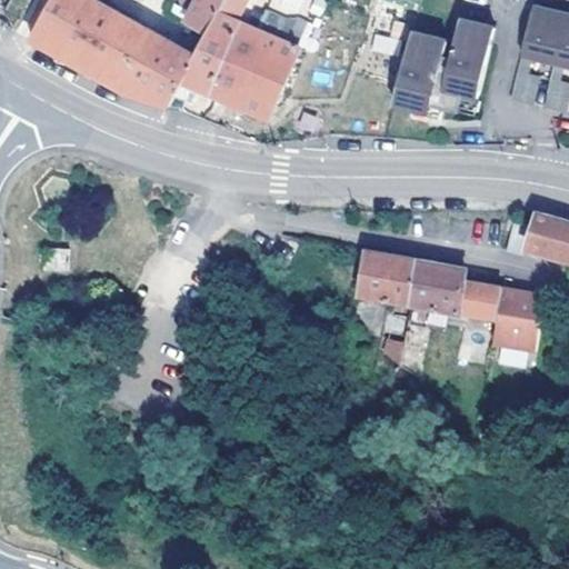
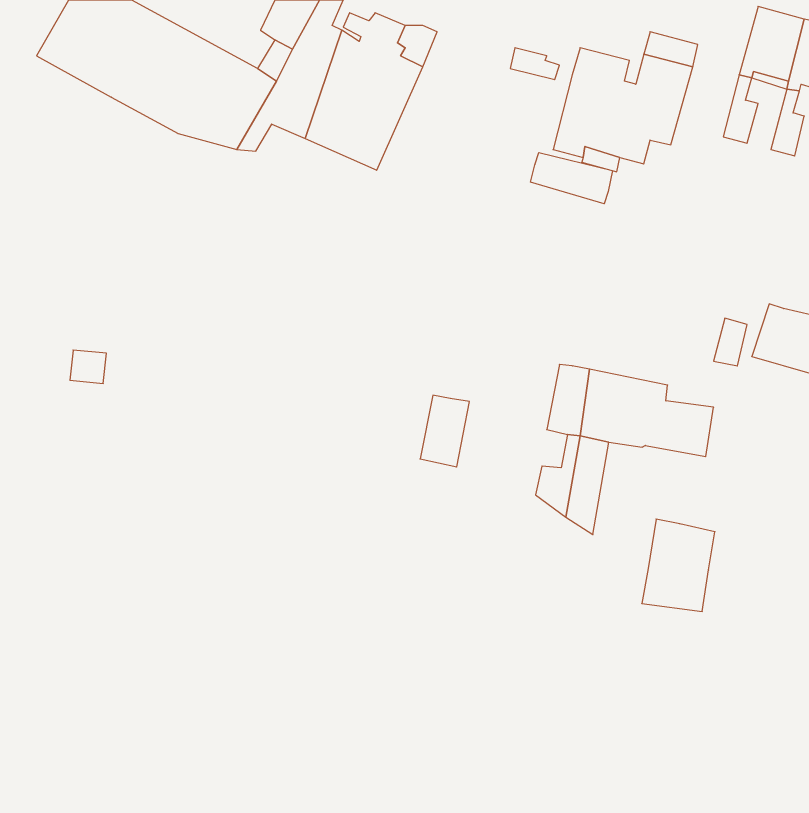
building: none -> [531,153,612,204]
building: [359,250,393,300] -> [420,395,469,467]
building: [491,284,542,349] -> [642,519,715,611]

